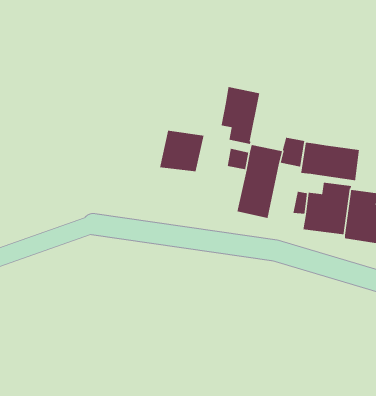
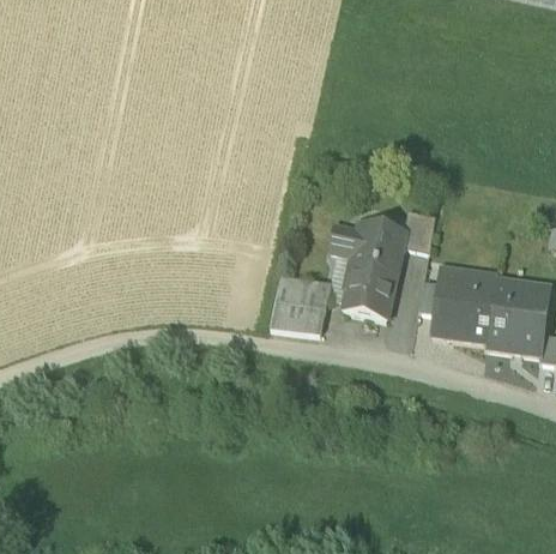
building: [220,86,260,145] -> none
building: [159,130,204,172] -> [271,273,331,330]
building: [300,142,360,181] -> none

